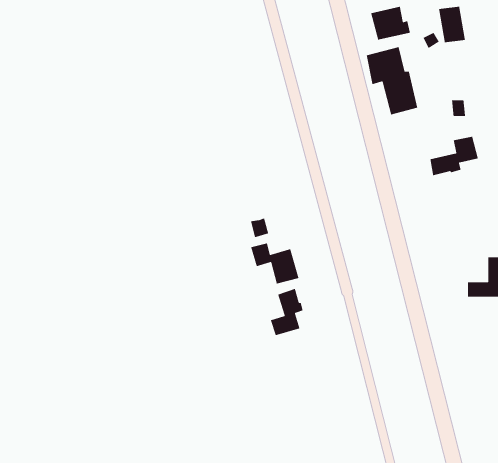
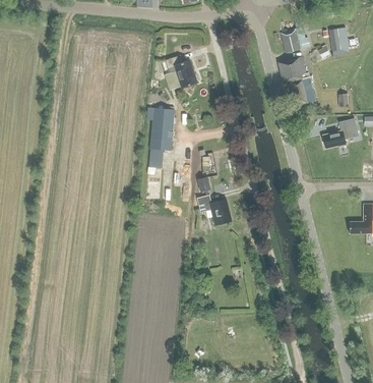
building: none -> [166,55,197,88]
building: none -> [149,108,175,167]
building: [270,288,304,336] -> none

